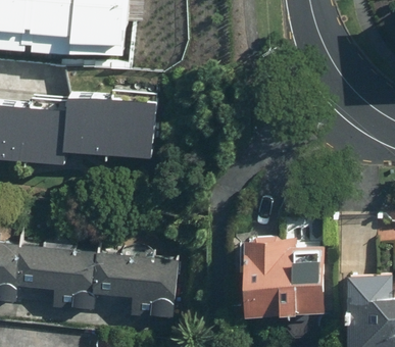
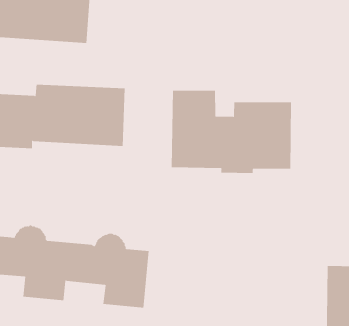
building: none -> [171,90,292,174]
building: [246,243,327,316] -> none

